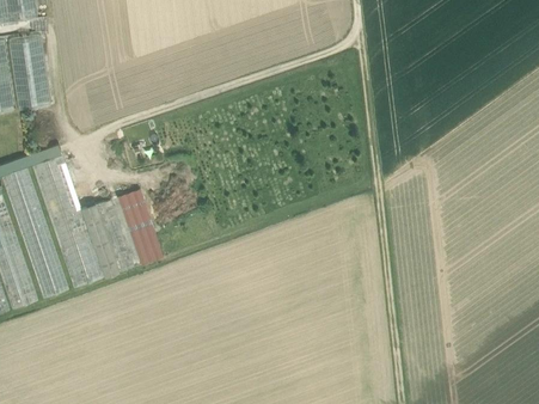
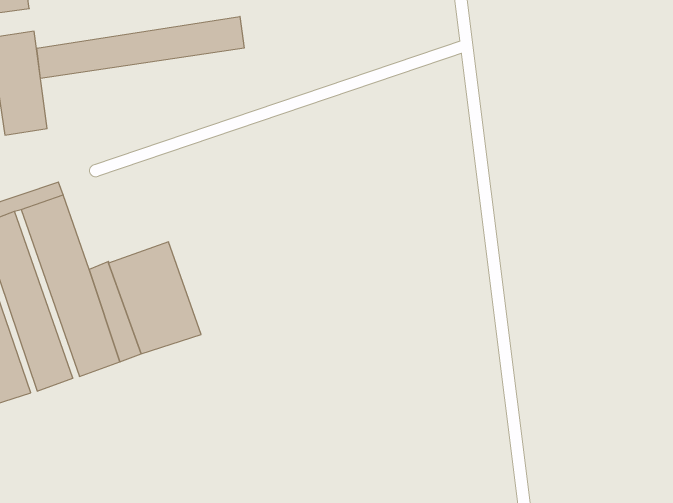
building: none -> [37,16,244,79]

